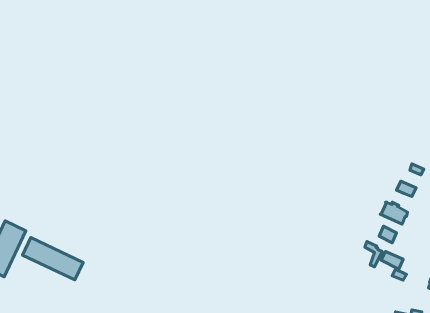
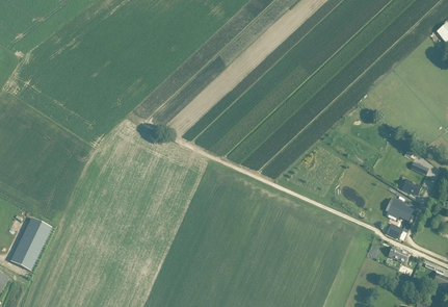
building: [23,238,83,280] -> none

